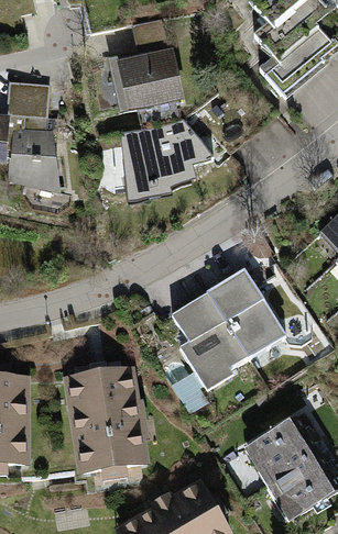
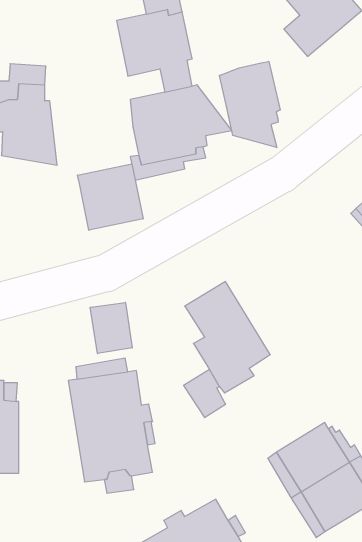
building: none -> [219,61,280,148]
building: none -> [78,164,143,230]
building: [208,268,285,356] -> none
building: none -> [90,302,132,354]

